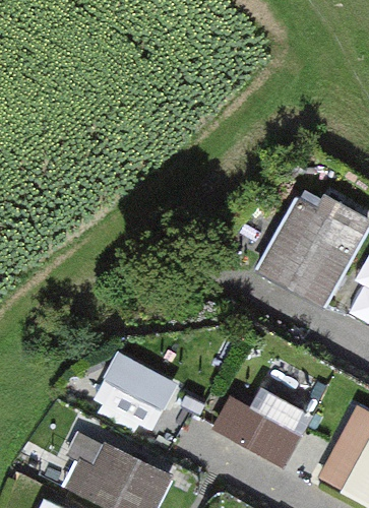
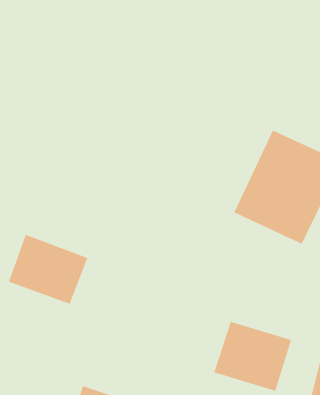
building: [93,354,177,430] -> [8,234,88,305]

